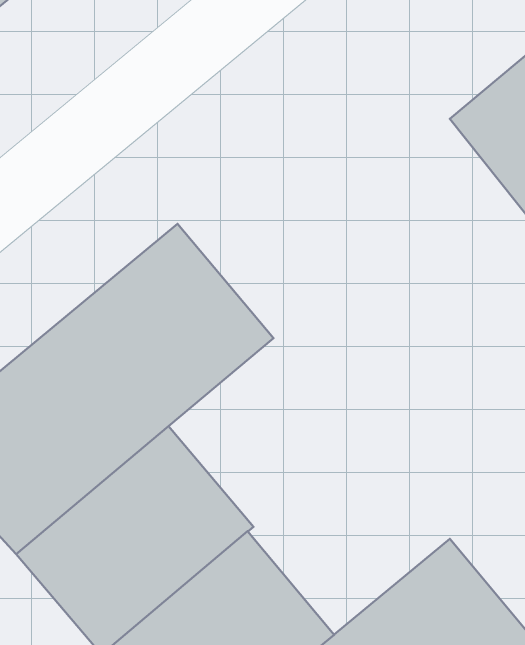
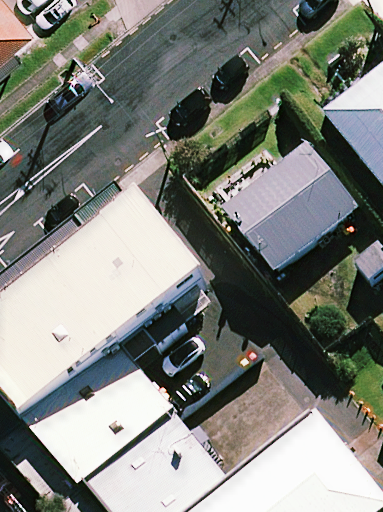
building: none -> [213,151,347,282]

